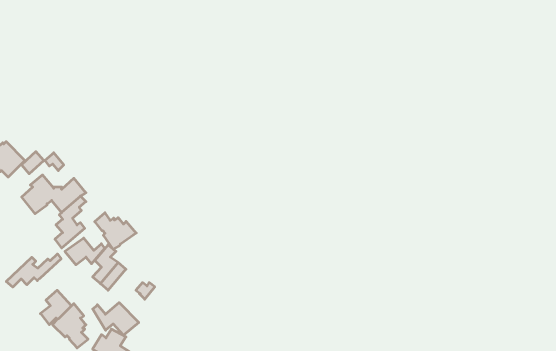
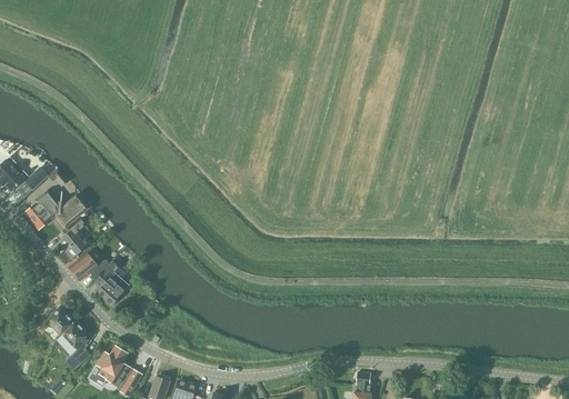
building: [95,213,136,249] -> none
building: [6,254,61,287] -> none
building: [93,303,139,335] -> none

